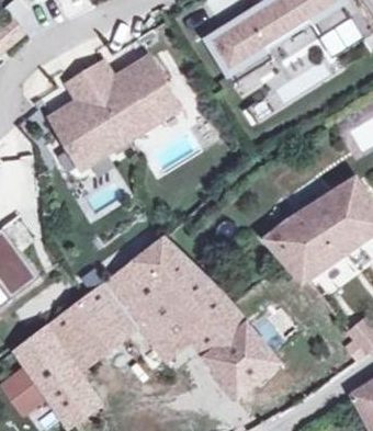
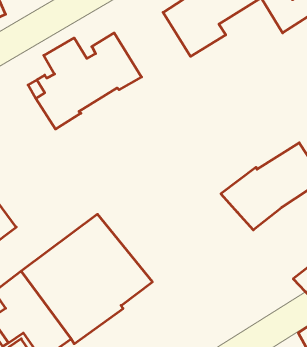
building: [127,236,276,396] -> none

